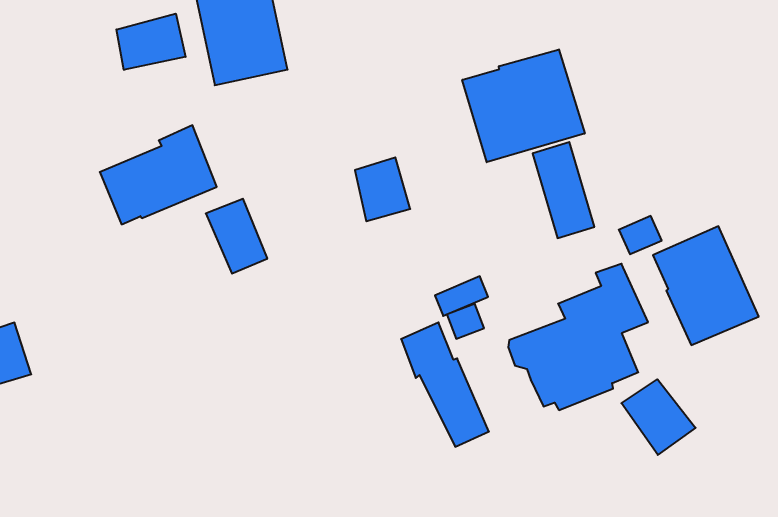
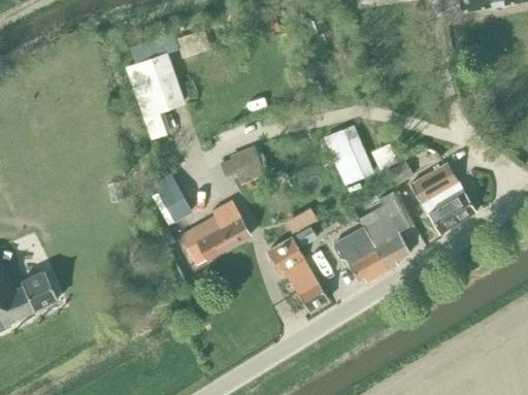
building: [116,14,186,70] -> none
building: [462,49,585,162] -> none
building: [100,125,217,224] -> [180,201,250,264]
building: [621,379,696,455] -> none

